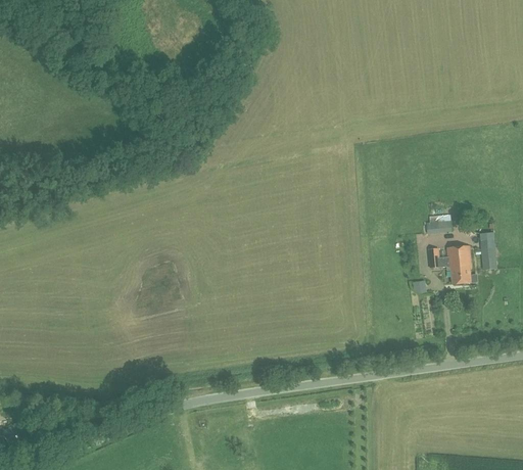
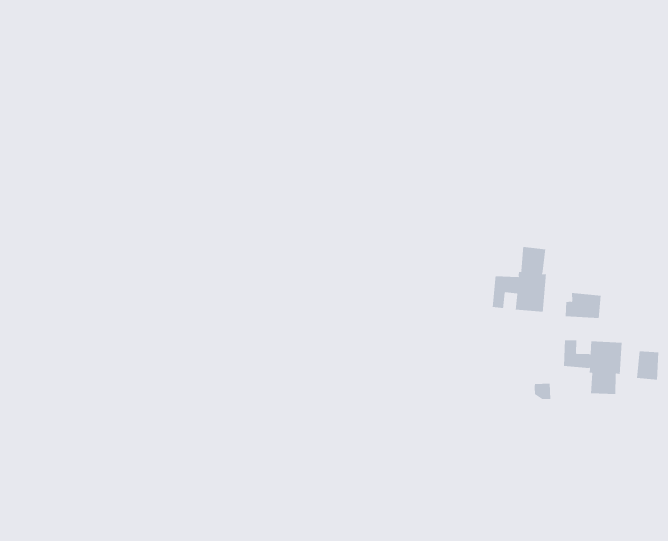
building: none -> [492,246,547,312]

